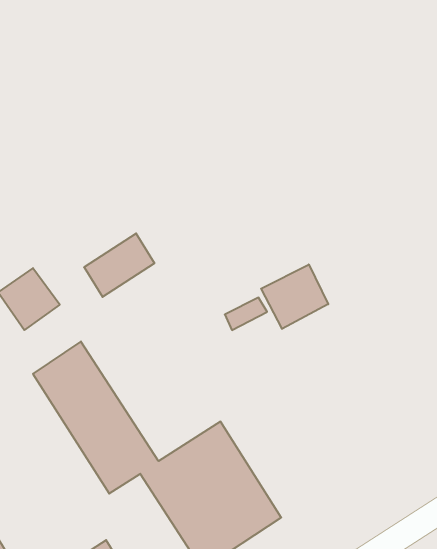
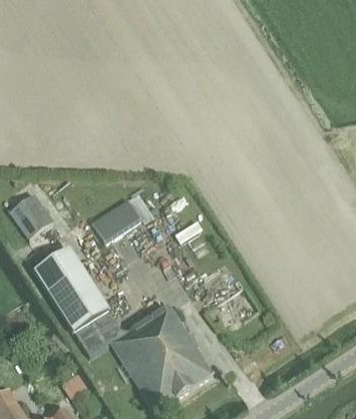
building: [84,233,155,297] -> [91,197,141,243]
building: [261,264,328,329] -> none

